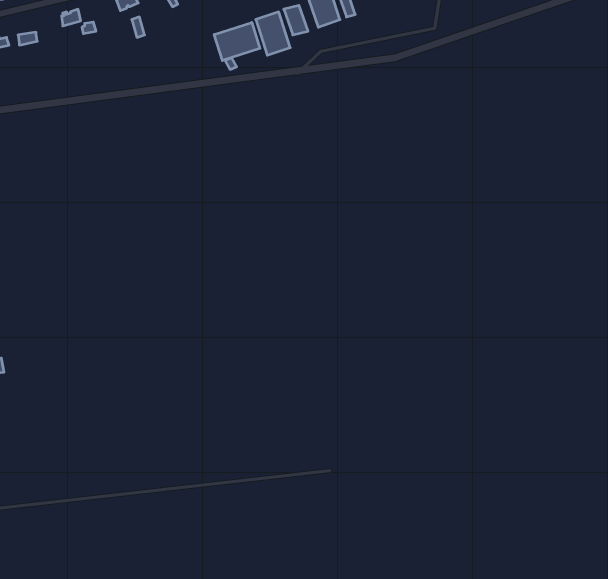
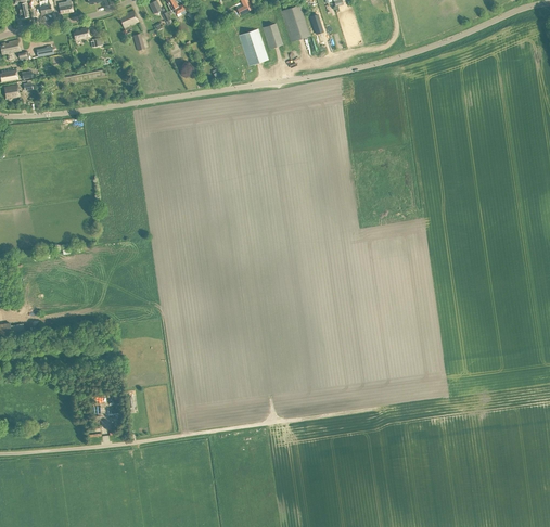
building: [214,22,260,61] -> none

